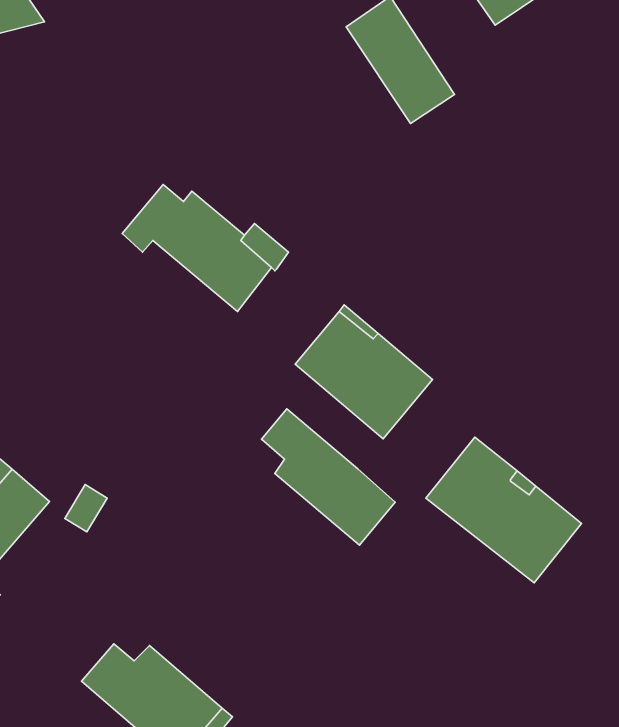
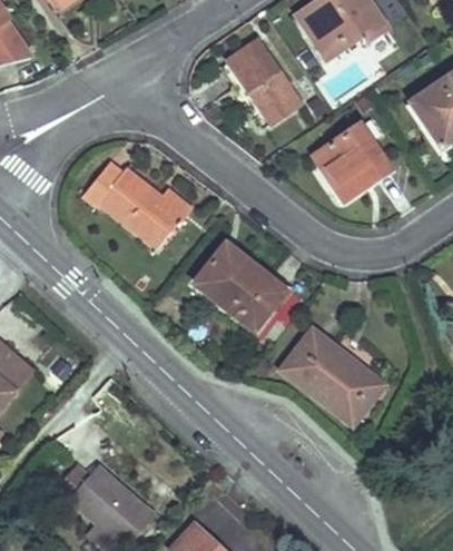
building: none -> [313,124,391,200]
building: [261,409,395,545] -> none

